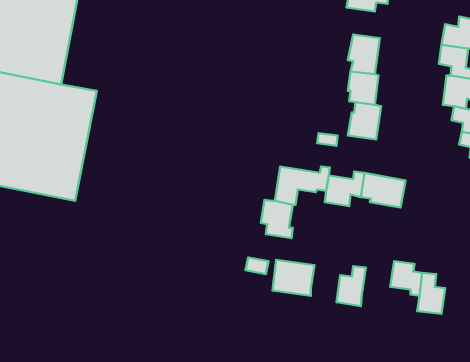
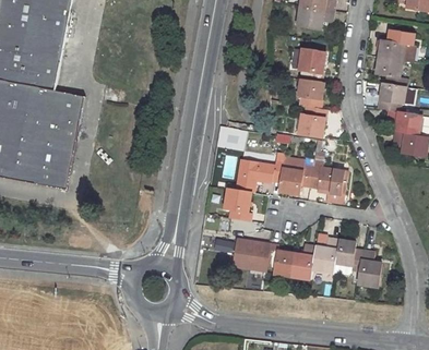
building: none -> [310,239,337,273]
building: none -> [266,244,291,276]

